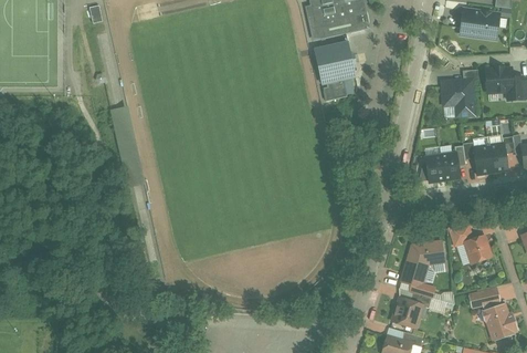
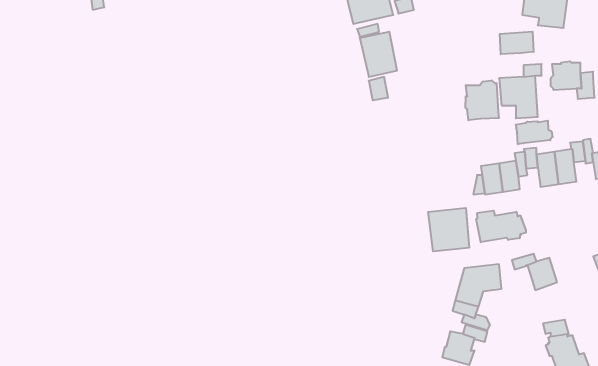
building: none -> [500,32,534,54]
building: none -> [465,80,499,120]
building: none -> [516,121,553,144]
building: none -> [428,208,469,251]
building: none -> [476,211,526,242]

